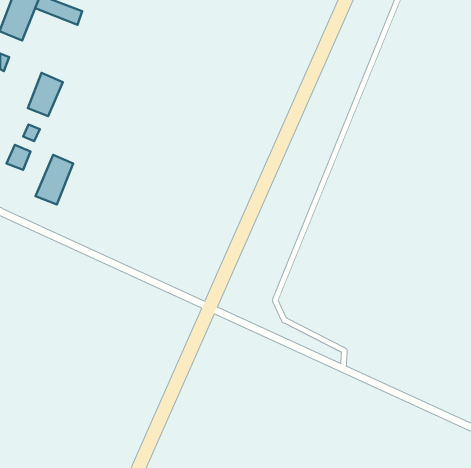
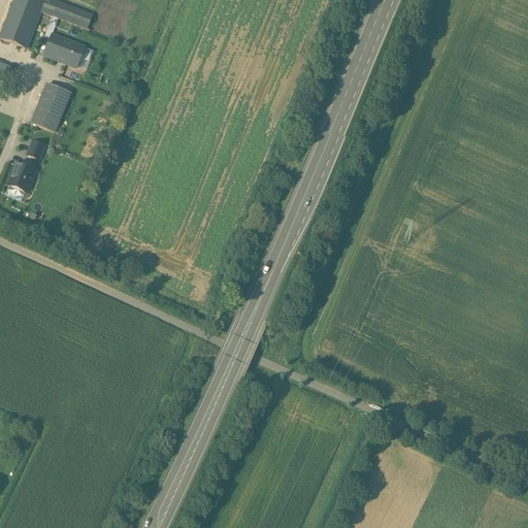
building: none -> [45,33,84,65]
building: [35,155,73,205] -> none

